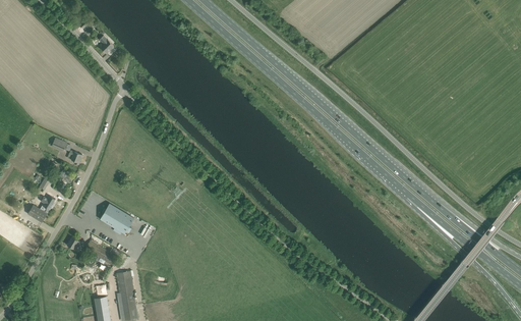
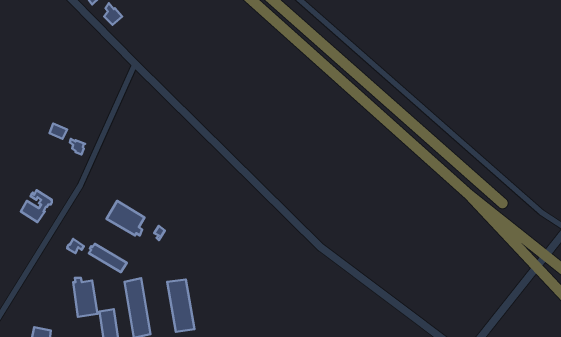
building: none -> [73,278,97,317]
building: none -> [167,279,194,332]

